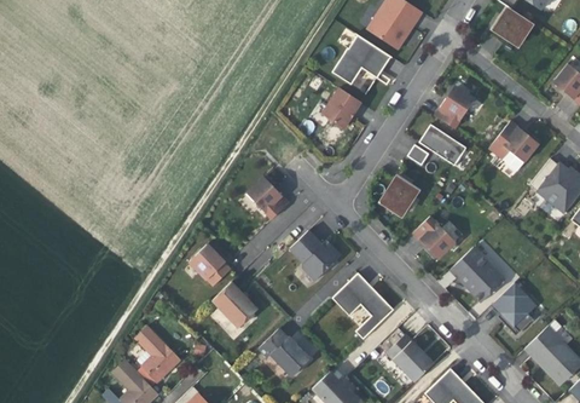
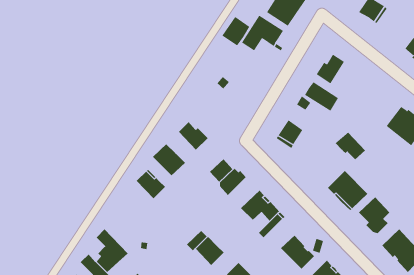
building: [323,87,361,128] -> [222,16,250,46]
building: [493,117,540,167] -> none
building: [413,217,456,255] -> [335,132,366,160]
building: [213,282,259,327] -> [152,143,186,176]

